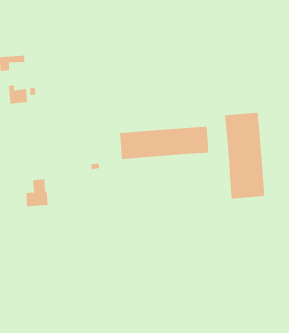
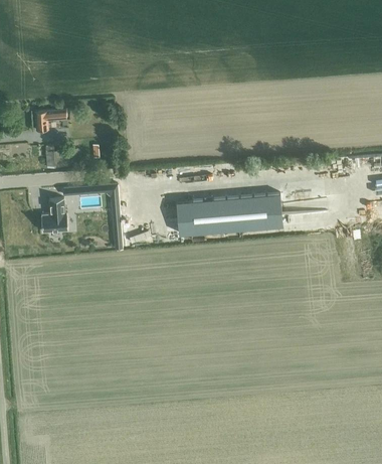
building: [224,112,265,200] -> none
building: [25,178,49,207] -> [41,199,68,234]

